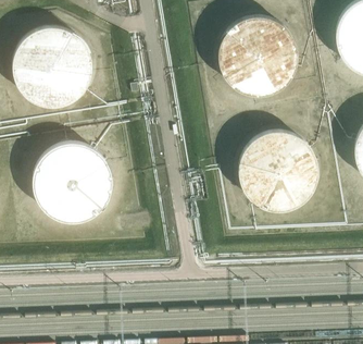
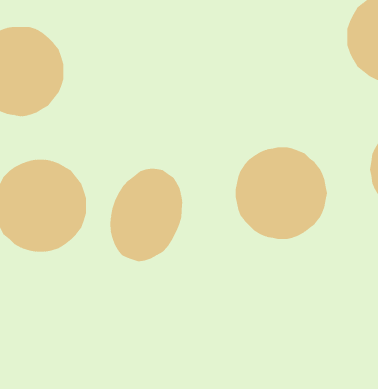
building: [217,15,299,97] -> none
building: none -> [110,168,183,262]

